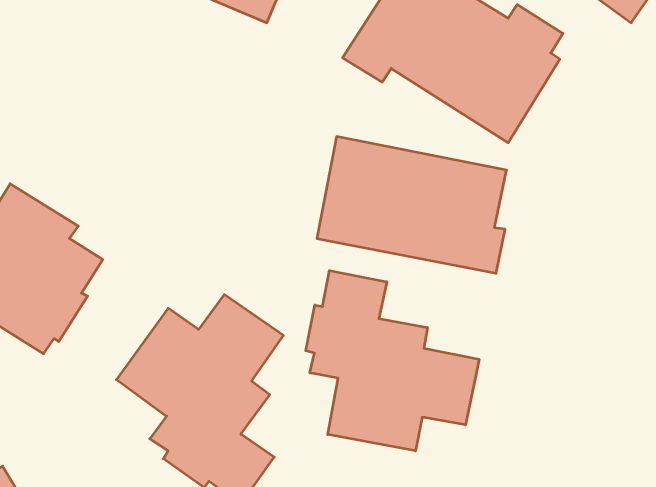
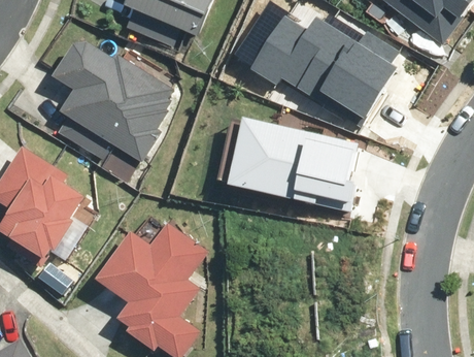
building: none -> [53,44,171,163]
building: [306,271,479,451] -> none

